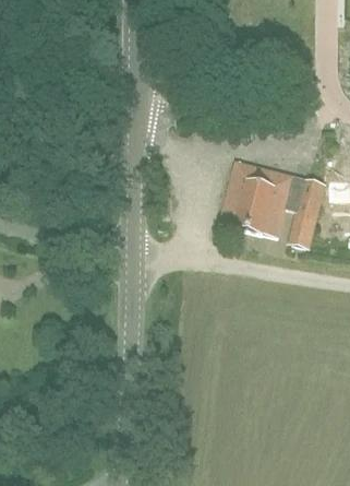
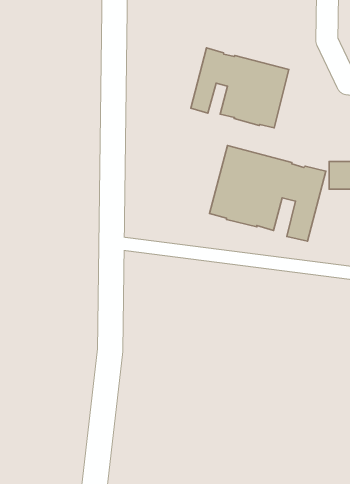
building: none -> [191,48,289,128]

